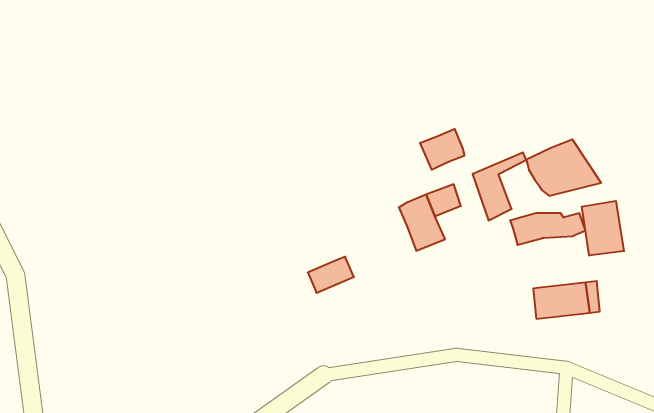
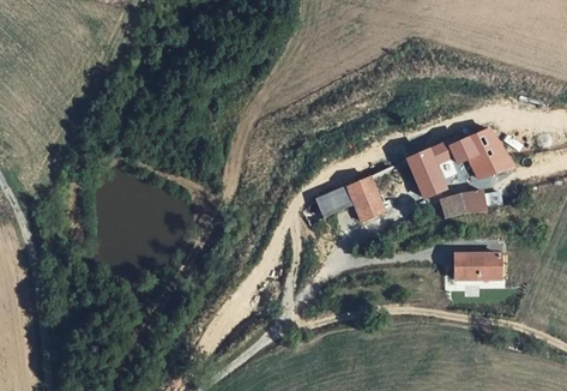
building: [420,129,464,170] -> none
building: [582,201,624,256] -> none
building: [308,257,354,293] -> [315,187,354,217]

